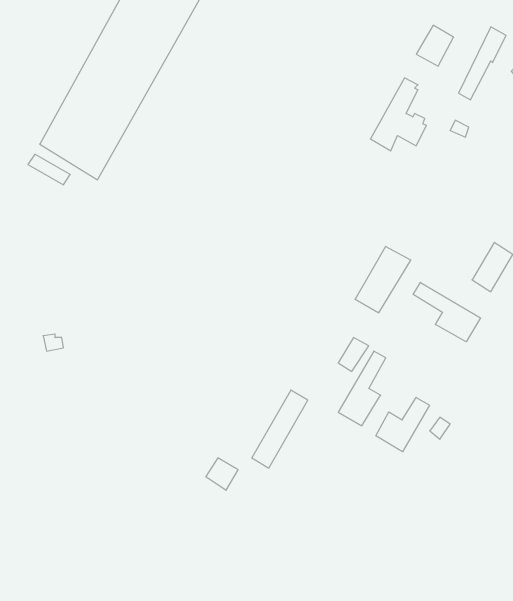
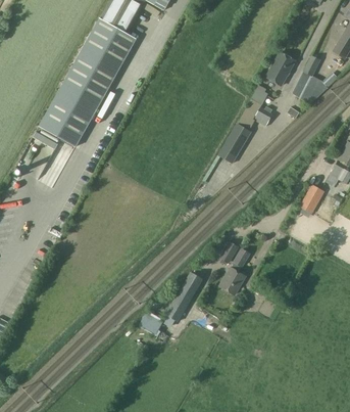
building: [355,247,411,313] -> [218,124,252,164]
building: [413,282,481,342] -> none
building: [376,397,430,452] -> none

